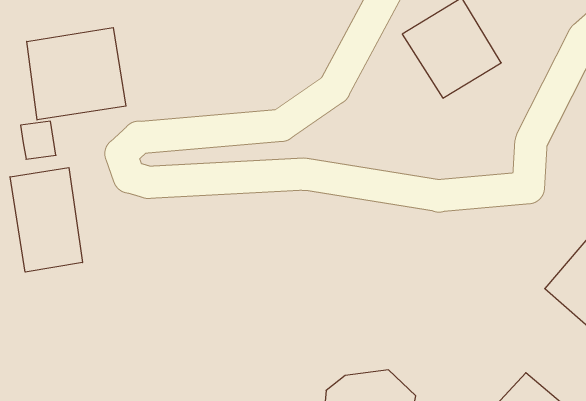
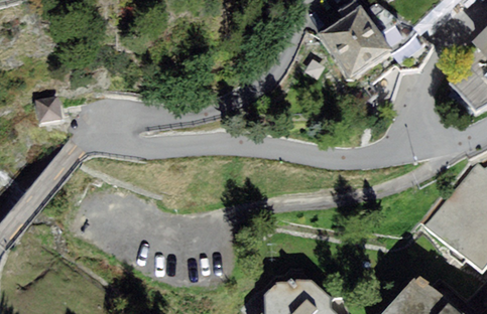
building: [27,28,126,120] -> none
building: [10,168,82,272] -> none

